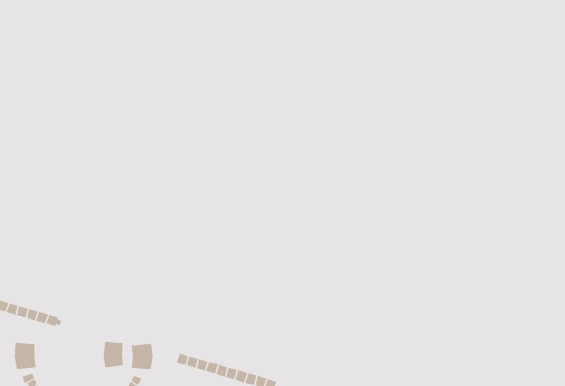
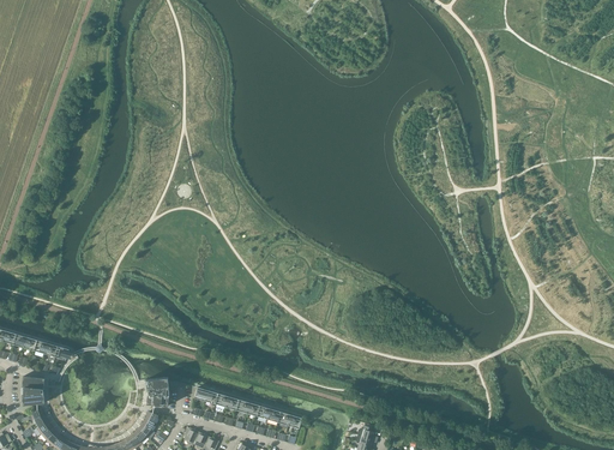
building: [103,341,123,368] -> none

